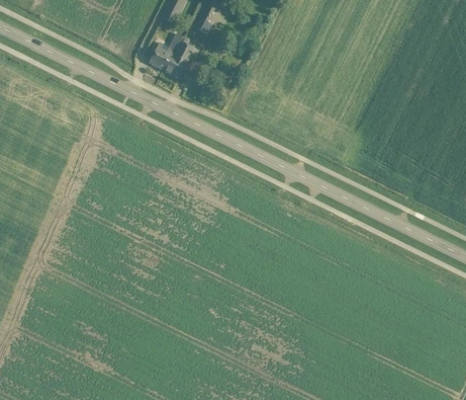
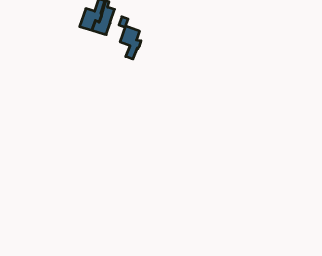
building: none -> [120,26,141,59]

